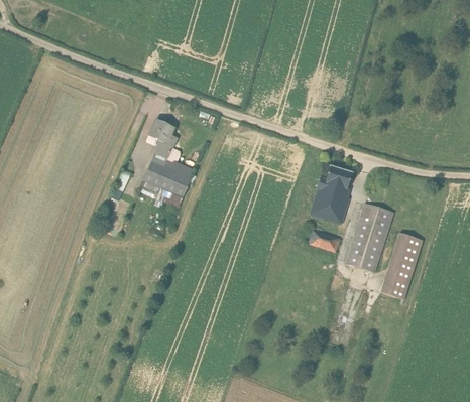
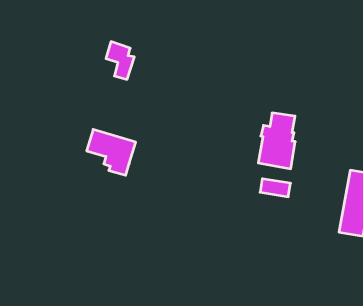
building: [148,119,177,158] -> [106,42,134,79]
building: [345,203,393,272] -> none

